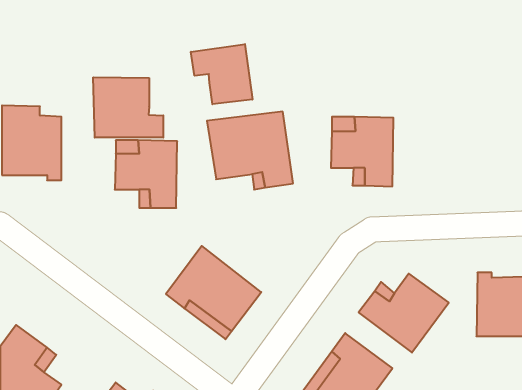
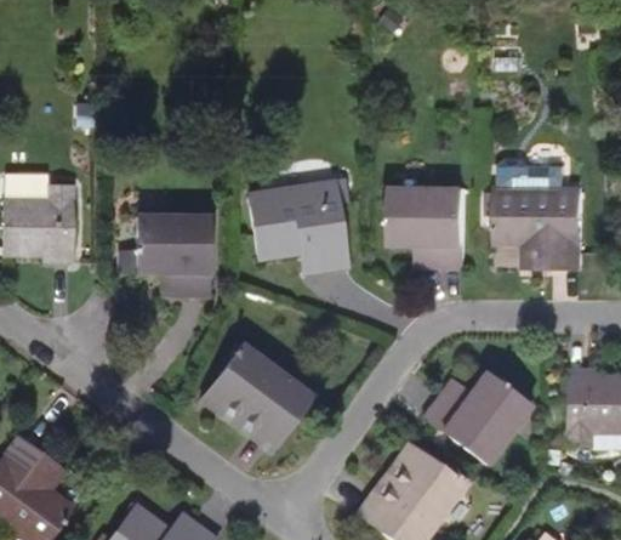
building: [191,44,252,104] -> none
building: [93,77,163,138] -> none
building: none -> [488,157,581,269]

